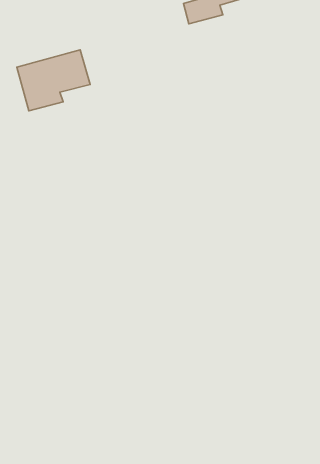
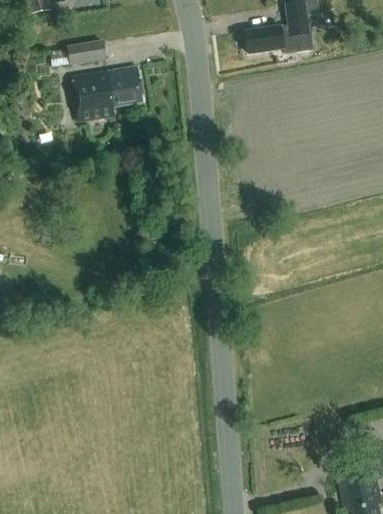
building: none -> [66,39,106,64]

